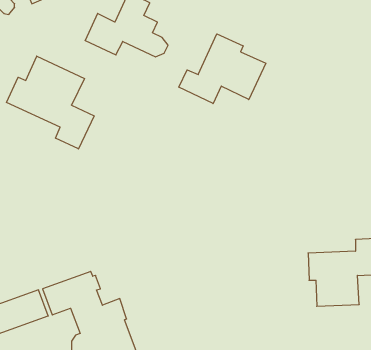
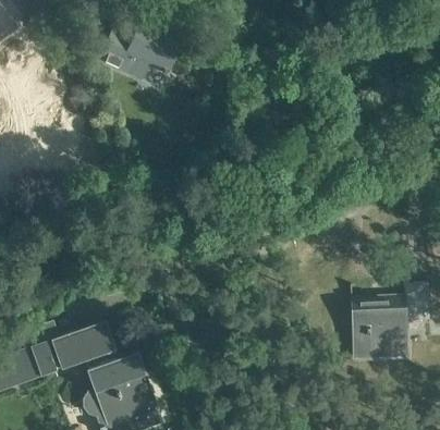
building: [179,34,266,104] -> none
building: [7,56,94,149] -> none

